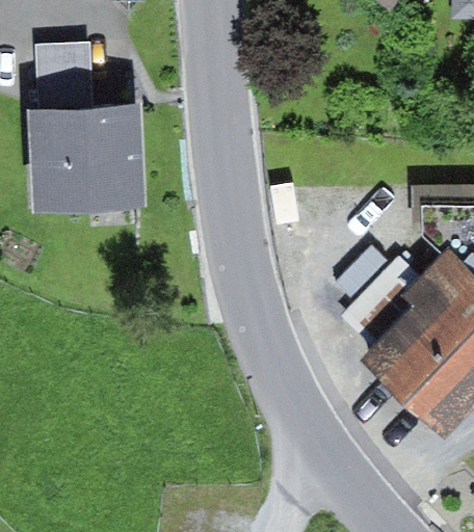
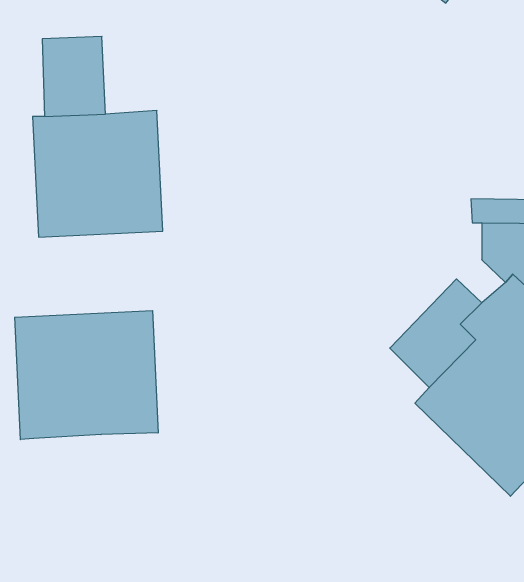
building: none -> [15,311,158,440]

